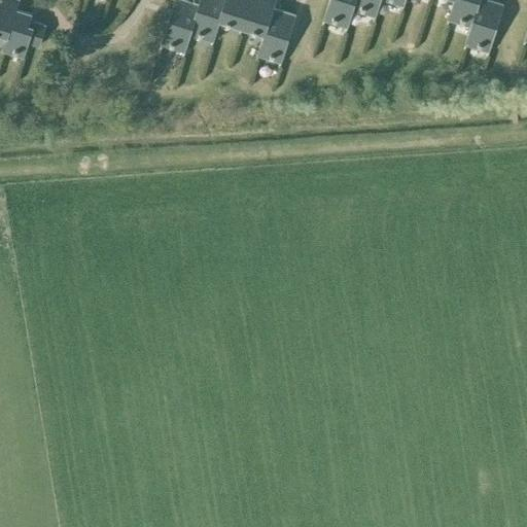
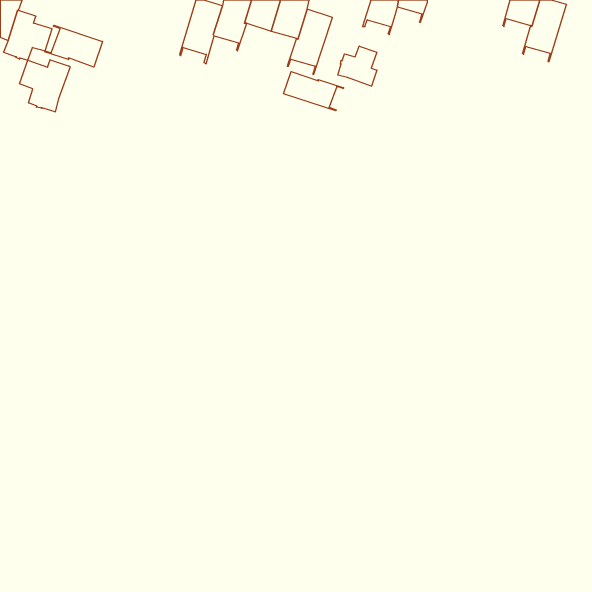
building: none -> [45,25,103,67]
building: none -> [338,46,377,86]
building: none -> [19,60,70,112]
building: none -> [284,72,344,111]

